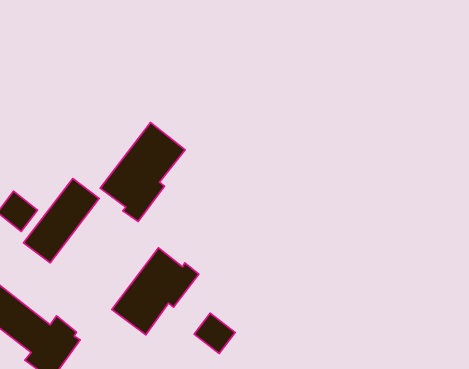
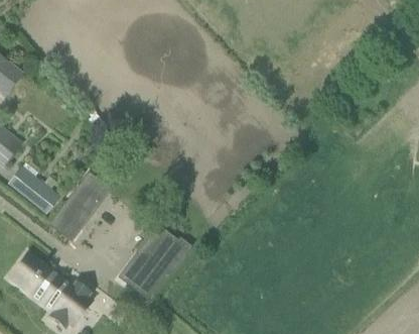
building: [100,123,185,221] -> none
building: [194,313,235,354] -> none

